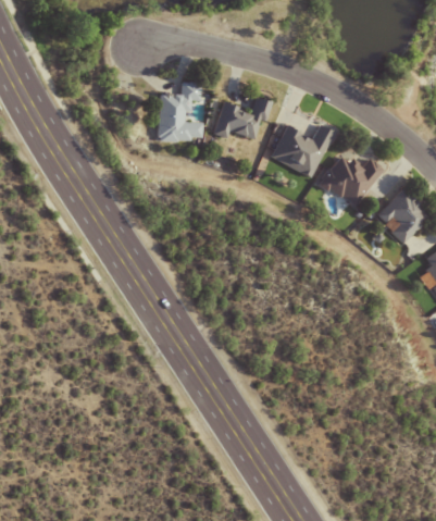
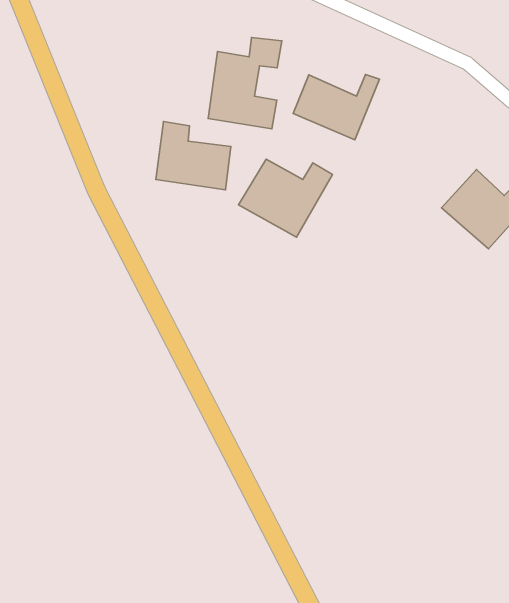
building: [270,125,331,176] -> [238,159,332,237]
building: none -> [156,122,231,190]

